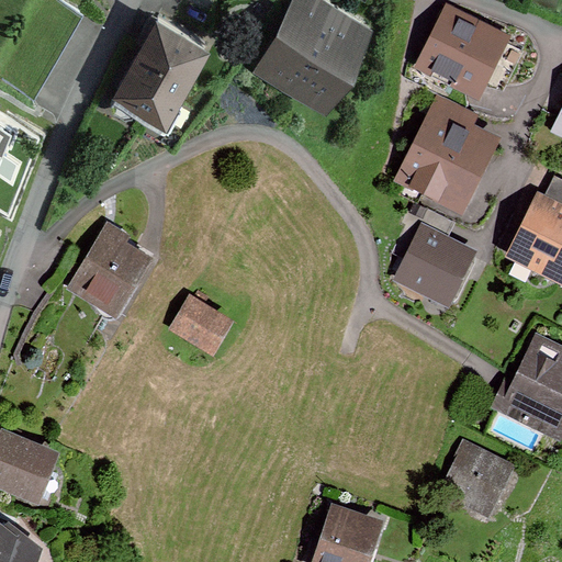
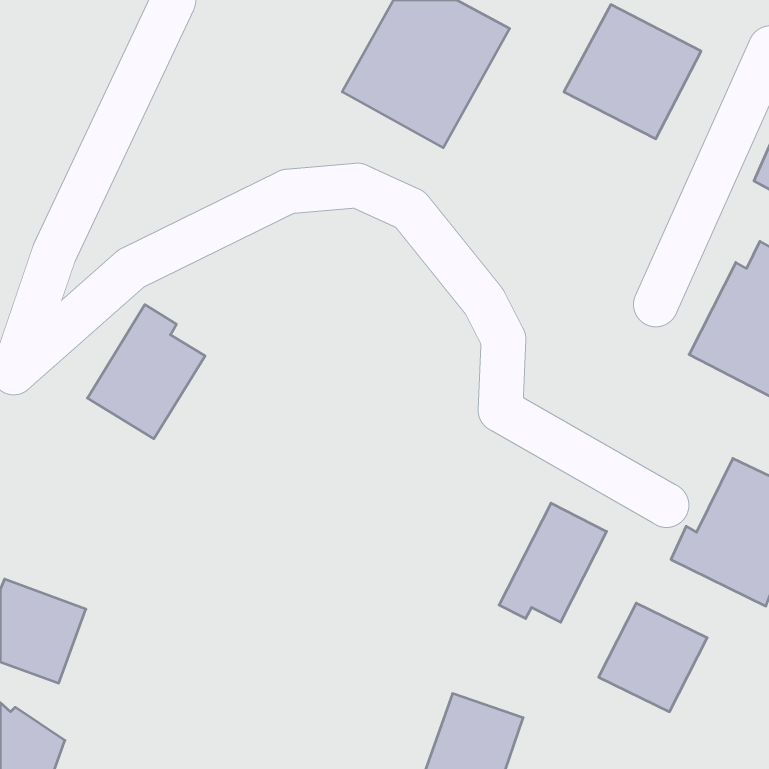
building: [108,11,207,122] -> none
building: [392,93,501,217] -> none
building: [392,223,477,310] -> none
building: [167,295,233,358] -> none
building: none -> [499,503,607,622]

